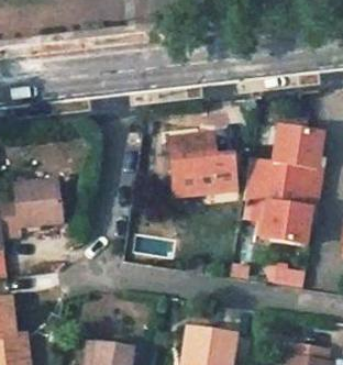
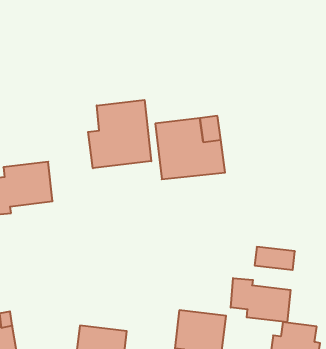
building: none -> [88,100,151,168]
building: [244,123,323,242] -> none
building: none -> [231,278,291,322]

